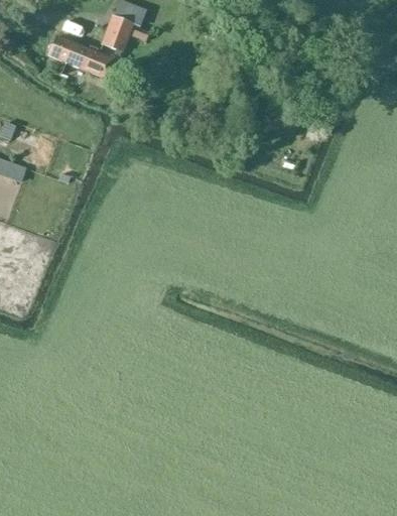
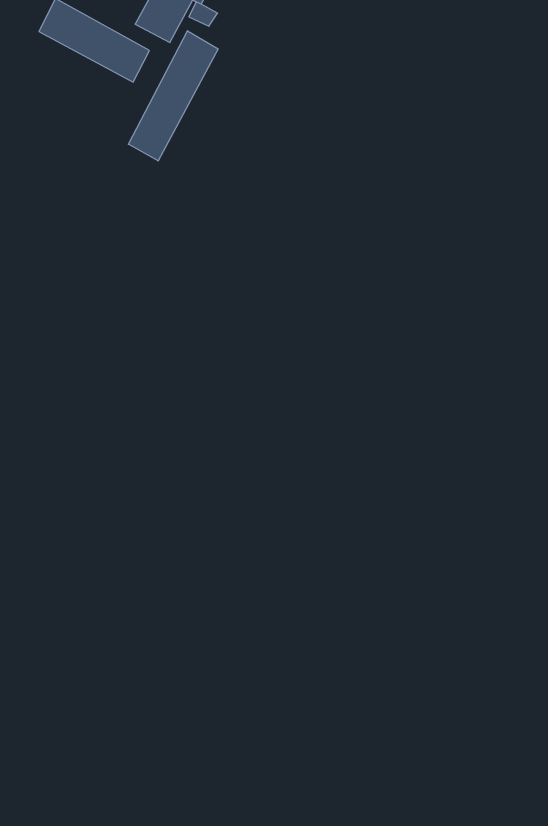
building: none -> [128,31,218,161]

